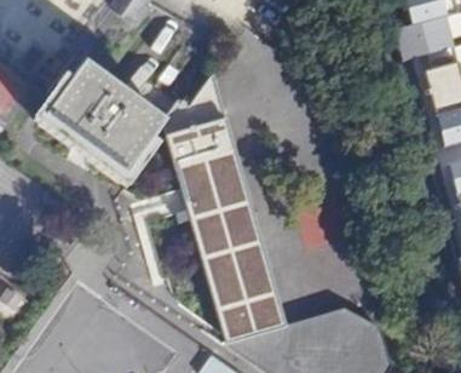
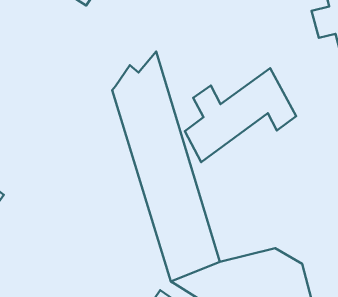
building: [45,63,163,172] -> none
building: none -> [185,68,296,162]

